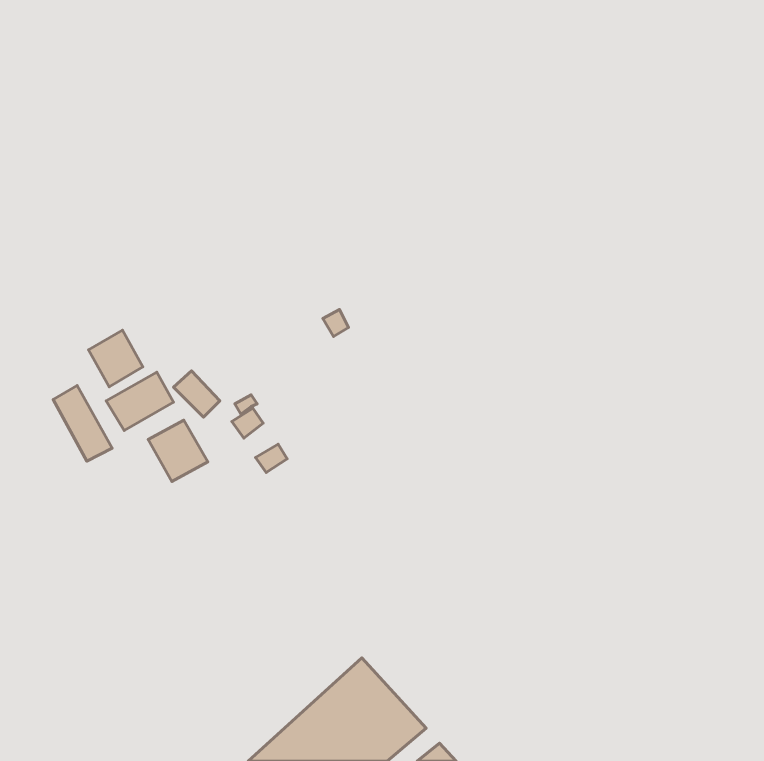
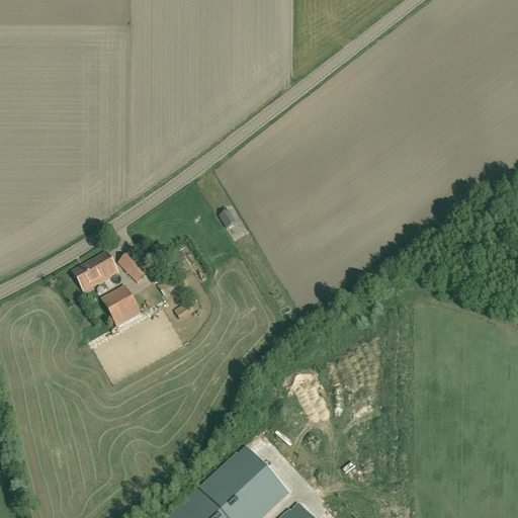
building: [89,330,143,387] -> none
building: [53,386,112,461] -> none

